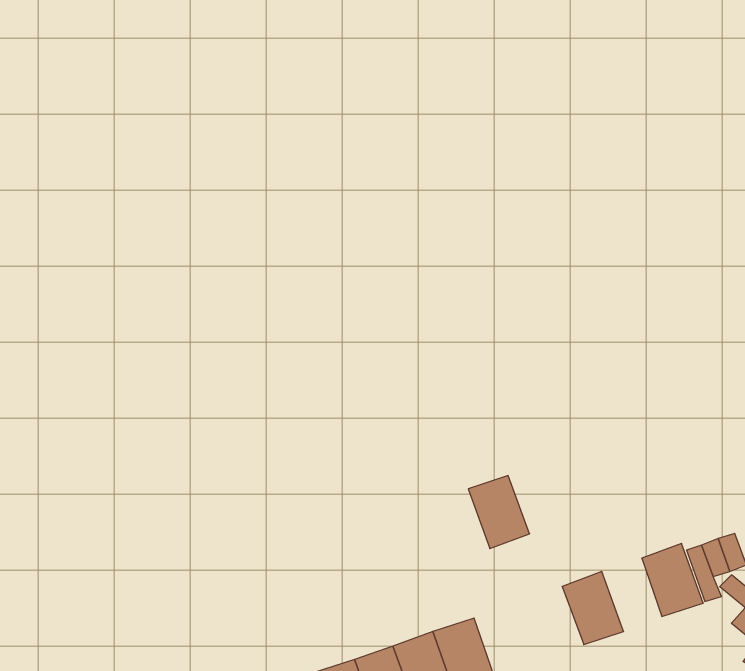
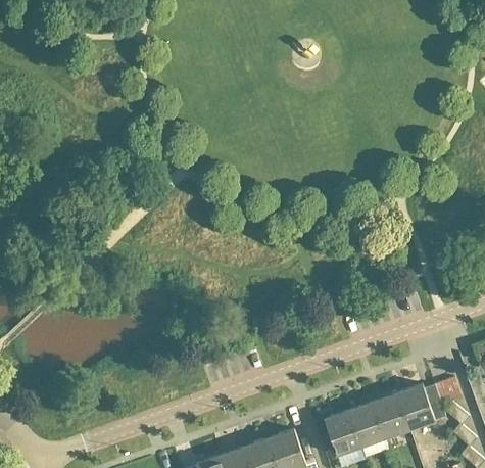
building: [468,476,530,549] -> [324,411,361,456]
building: none -> [373,393,409,438]

